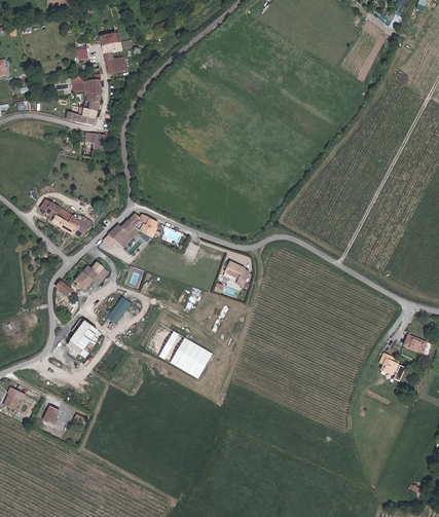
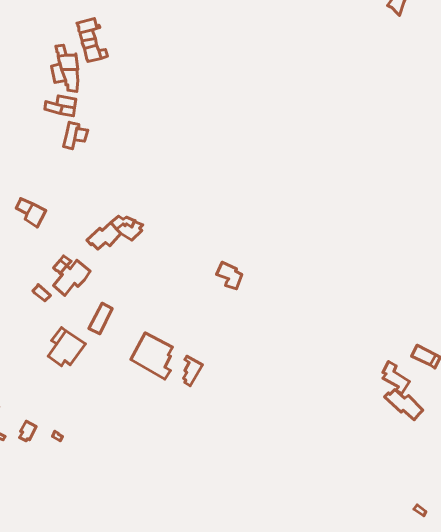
building: [60,211,96,236] -> none
building: none -> [385,390,423,420]

